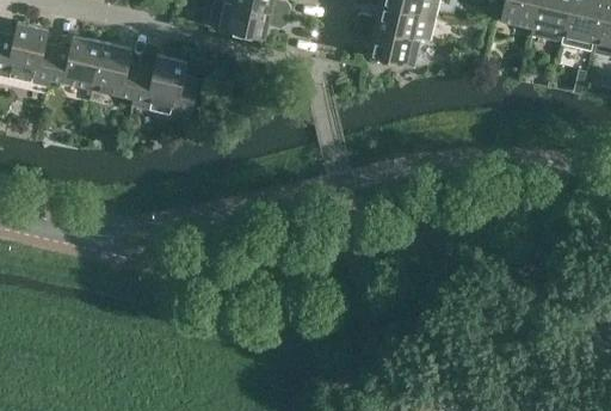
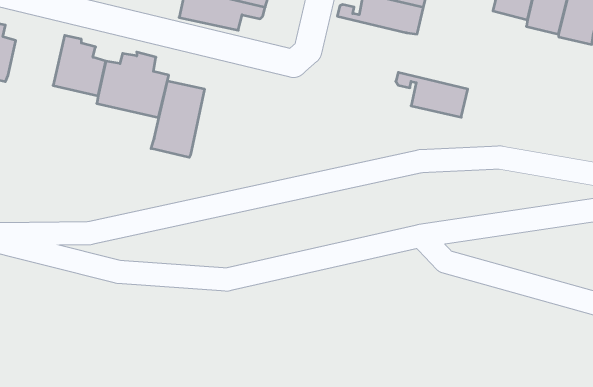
building: [353,24,420,66] -> [396,72,468,117]
building: [50,38,103,88] -> none
building: none -> [151,81,204,157]

